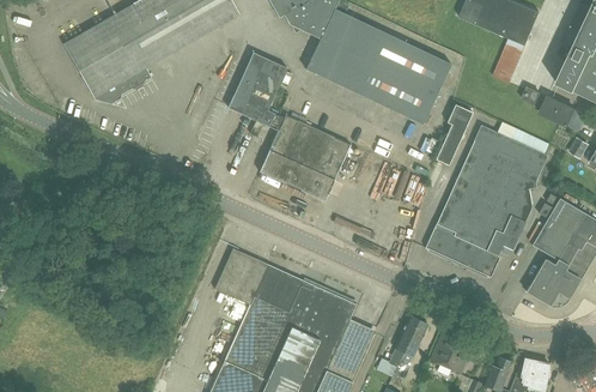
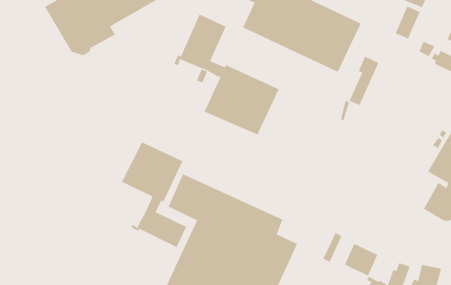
building: [425,125,547,277] -> none
building: none -> [121,141,187,248]
building: [376,315,419,376] -> none

